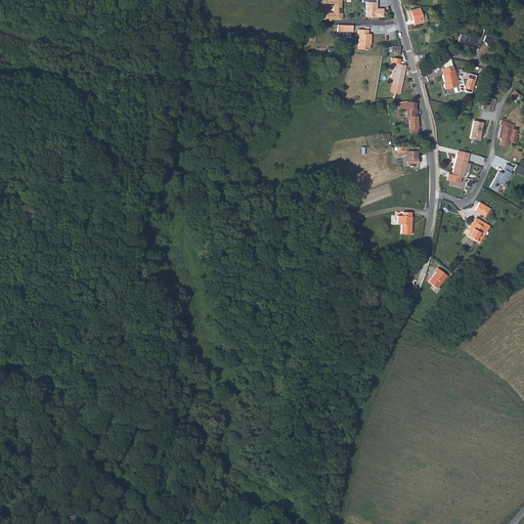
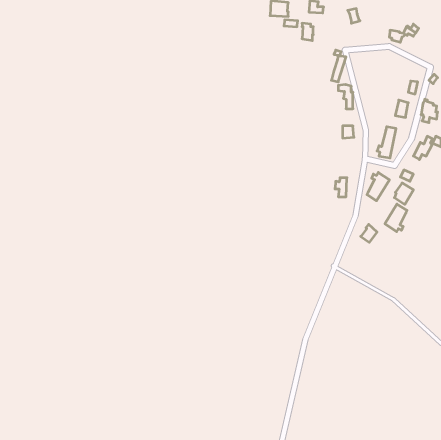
building: [443,67,476,92] -> none
building: none -> [367,172,389,201]
building: none -> [385,204,407,232]

